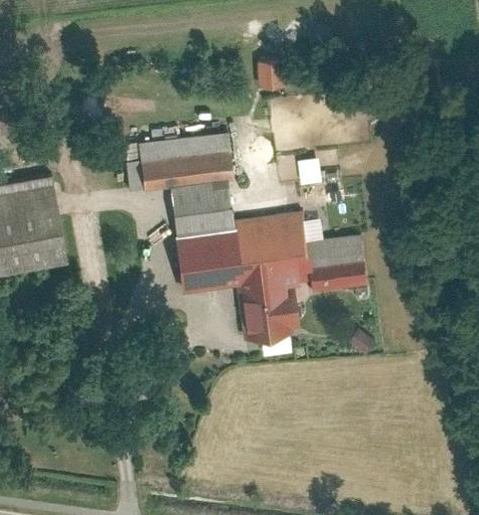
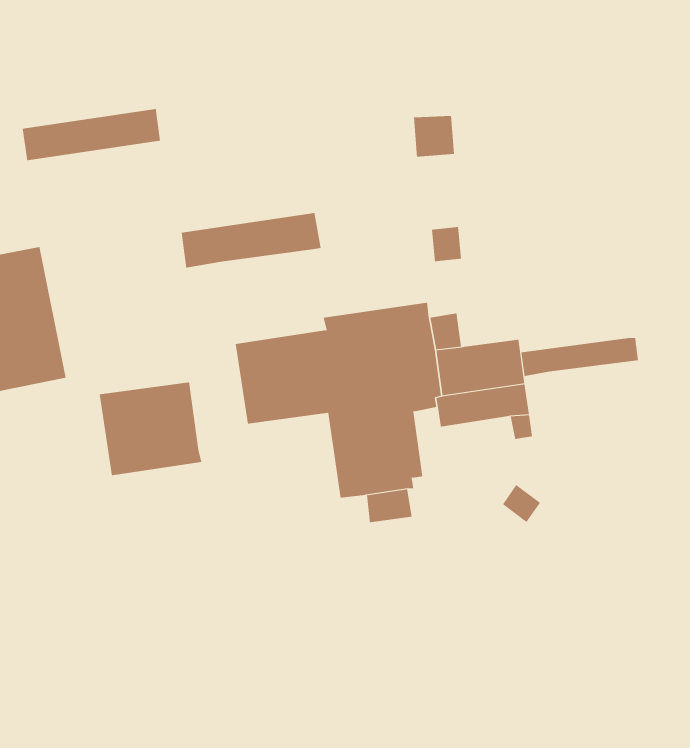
building: [258,62,285,90] -> [413,116,455,157]
building: [138,133,228,167] -> [22,109,161,161]
building: [168,178,235,239] -> [99,382,202,476]
building: none -> [521,337,638,377]

